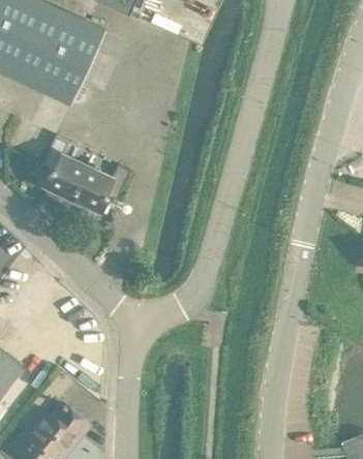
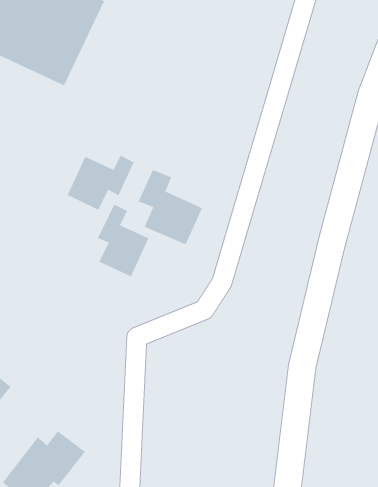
building: [40,135,86,200] -> [97,204,149,277]
building: none -> [138,169,203,245]

